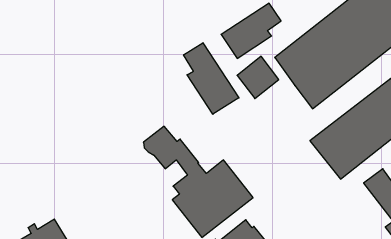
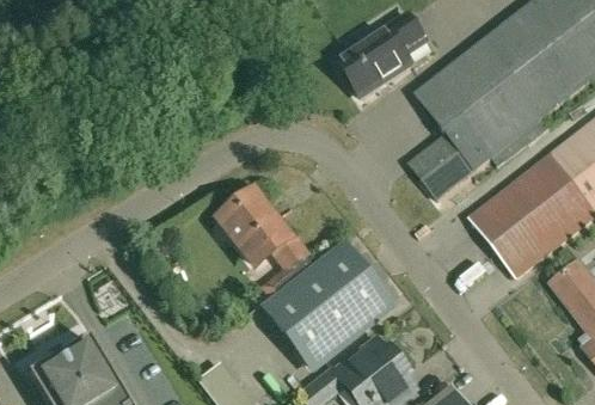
building: [184,43,239,114] -> none
building: [237,56,279,99] -> [411,135,473,198]

